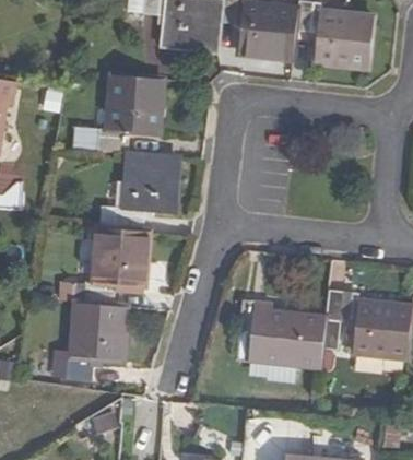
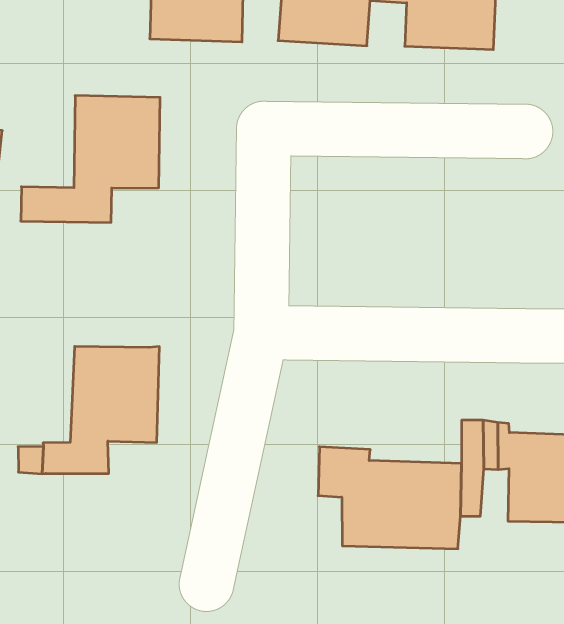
building: [98,153,180,231] -> none
building: [51,302,127,381] -> none

